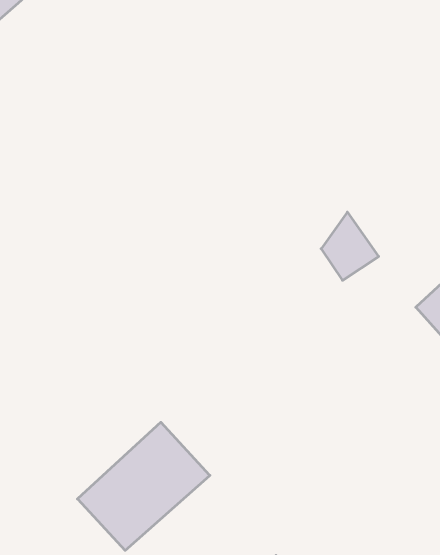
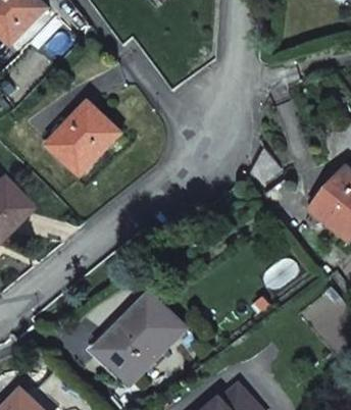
building: none -> [50,107,119,175]

